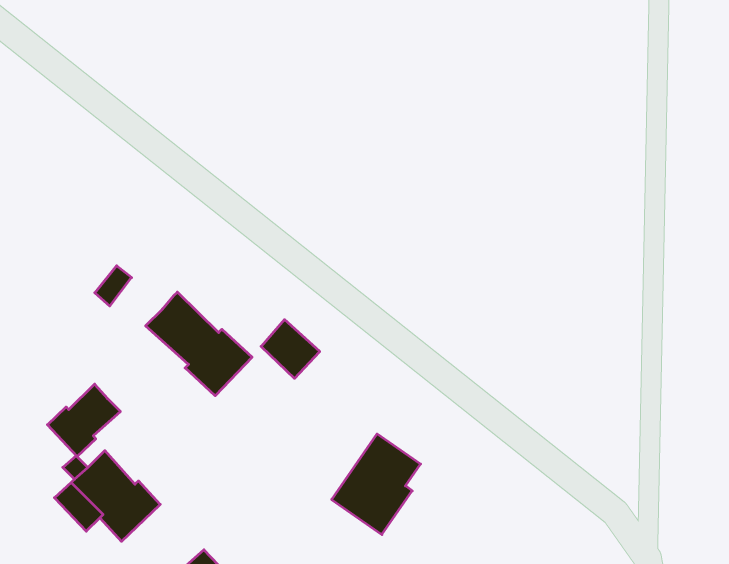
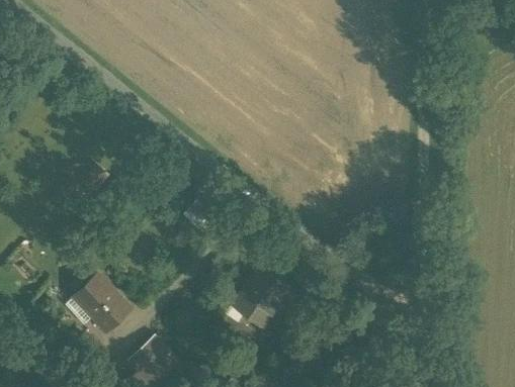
building: [146,292,252,396] -> none
building: [47,384,120,457] -> none

